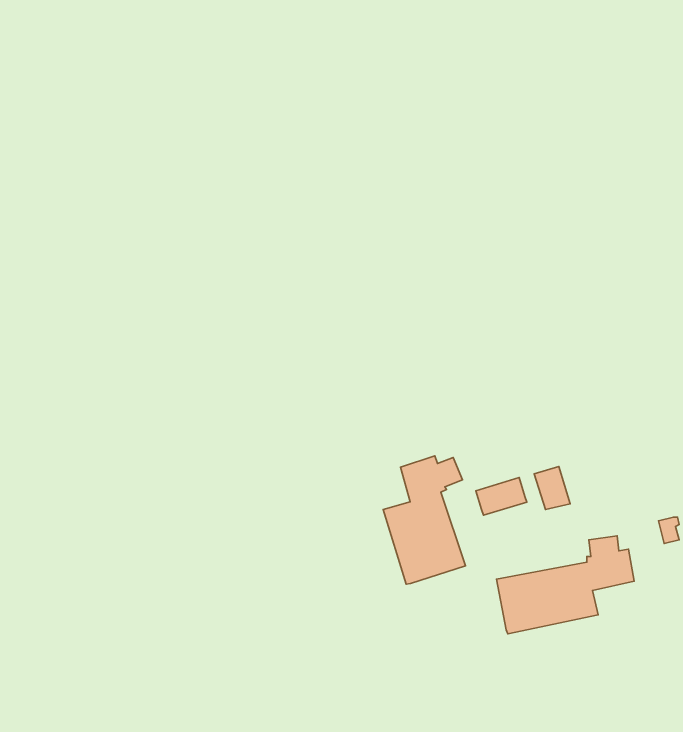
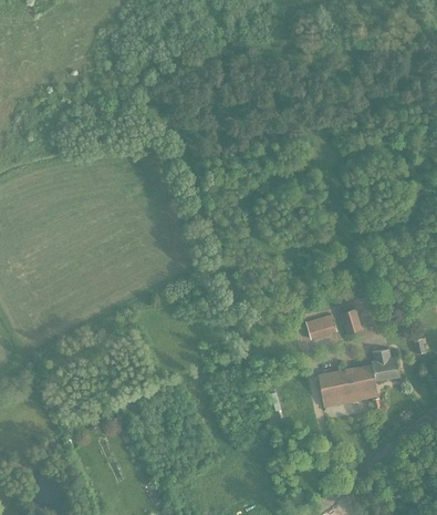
building: [383,456,465,584] -> none

